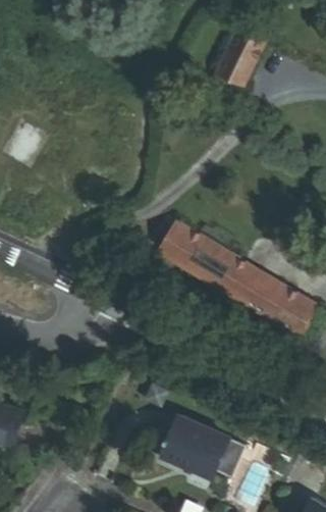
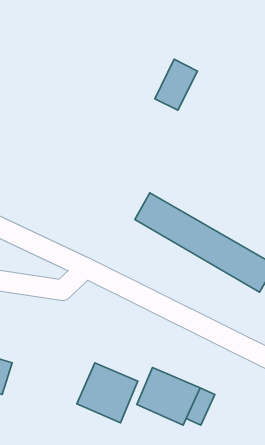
building: [218,29,265,85] -> [155,59,197,110]
building: none -> [77,363,138,423]

